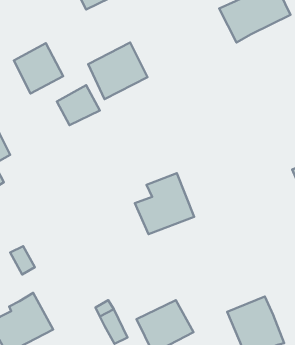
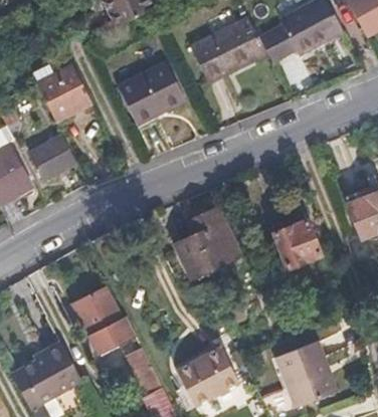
building: none -> [191,21,259,83]
building: [57,85,100,125] -> [32,136,79,180]
building: none -> [271,219,319,267]
building: none -> [72,287,136,354]

